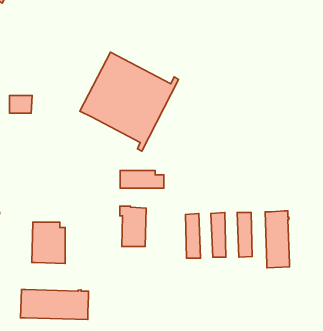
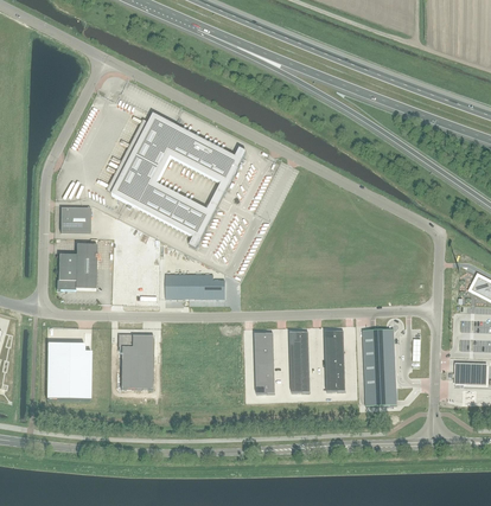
building: [9,96,32,113] -> [59,207,90,231]
building: none -> [56,244,96,289]
building: [120,206,146,247] -> [117,333,153,387]
building: [21,289,89,319] -> none

